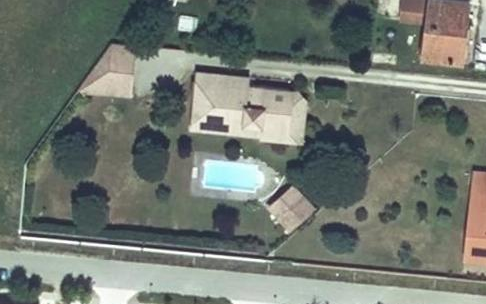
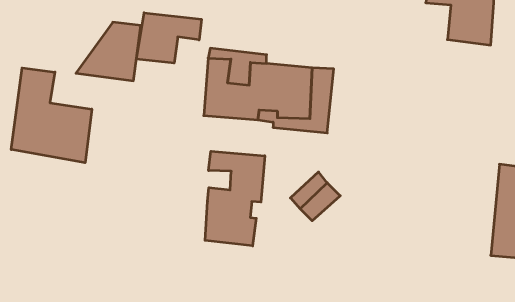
building: none -> [136,13,201,63]
building: none -> [11,68,92,163]
building: none -> [205,151,265,246]

